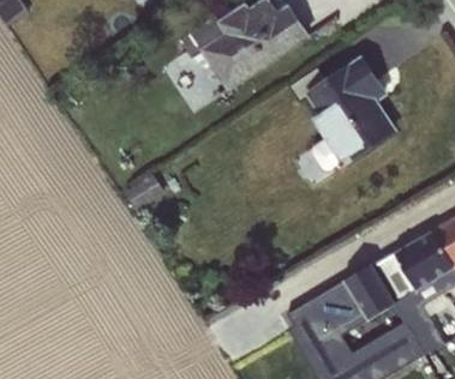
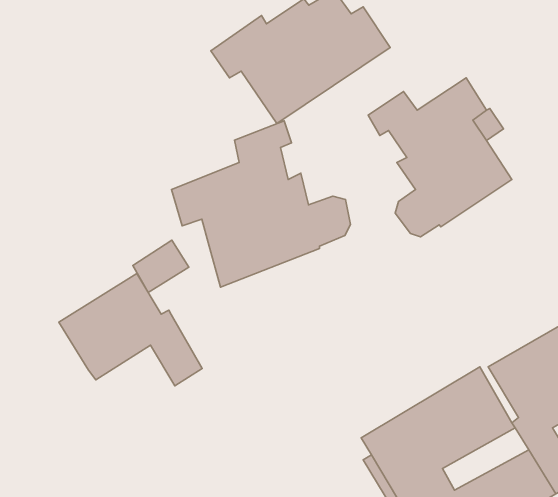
building: none -> [171,121,350,287]
building: none -> [59,273,202,386]

